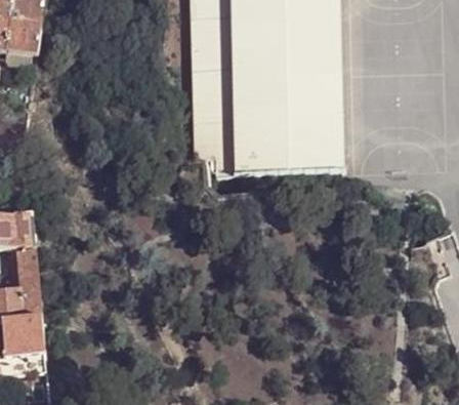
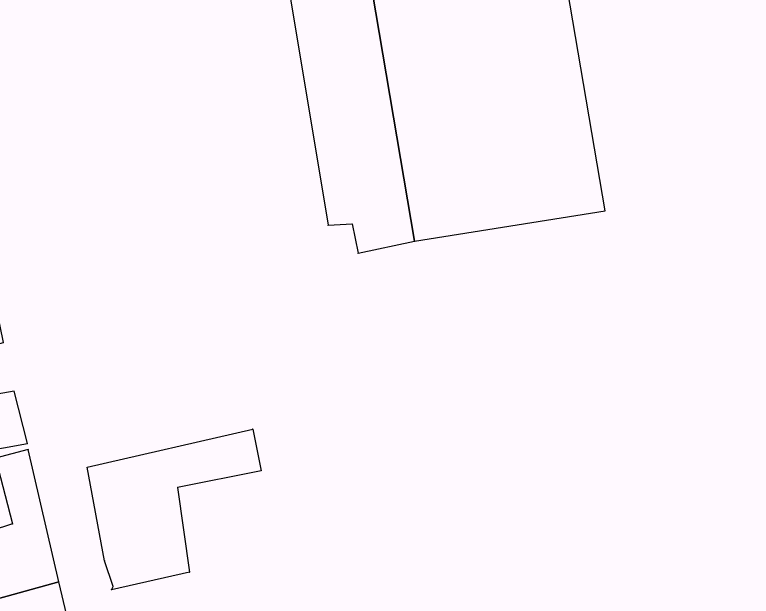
building: none -> [87,429,261,590]

